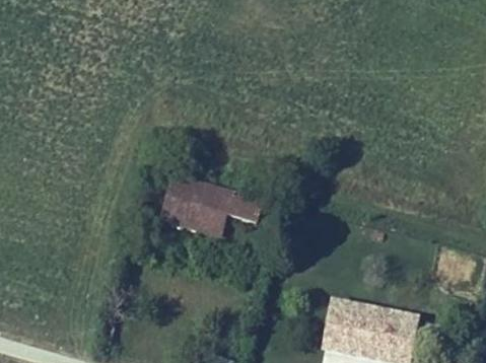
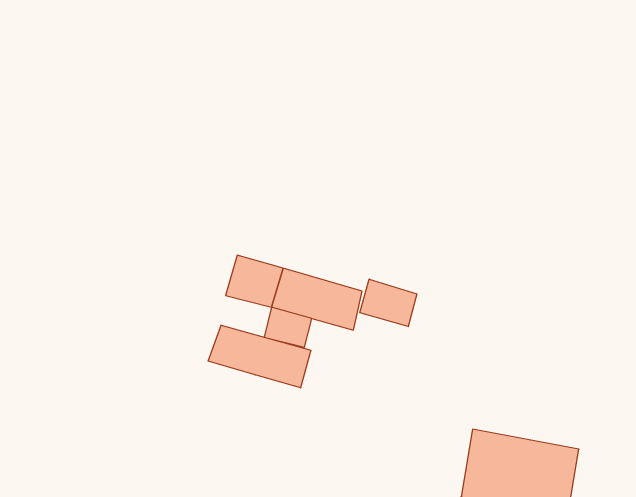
building: none -> [360,279,417,327]
building: none -> [208,325,311,388]

